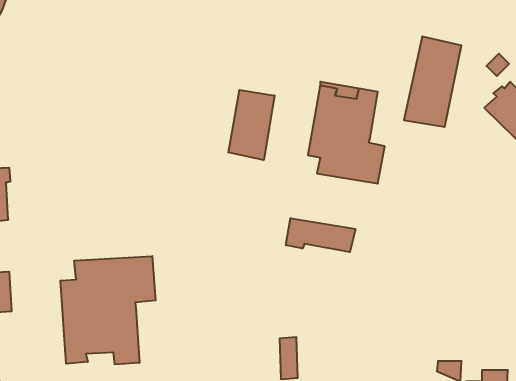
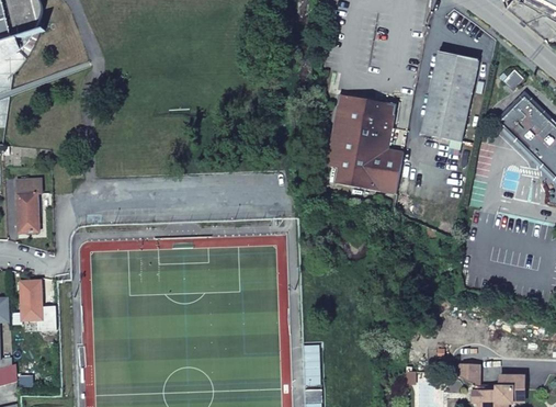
building: [228,90,275,160] -> none
building: [286,218,355,252] -> none
building: [60,256,156,364] -> none

